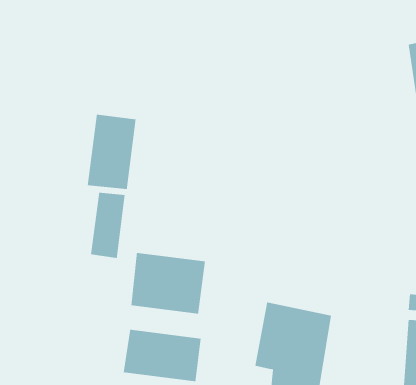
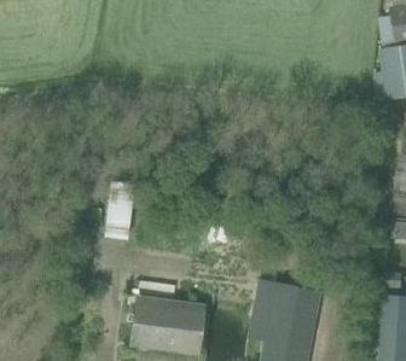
building: [87,114,136,190] -> none
building: [131,252,206,315] -> none

